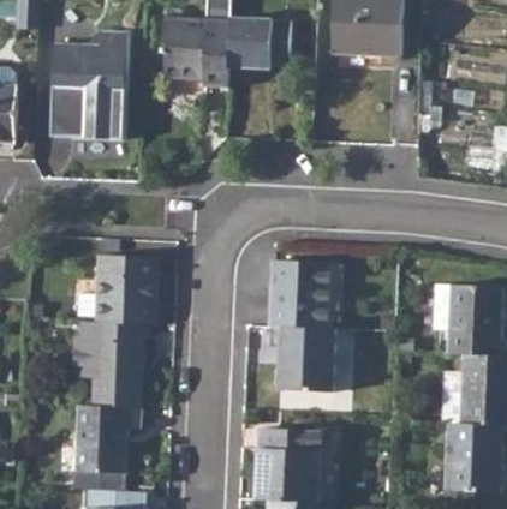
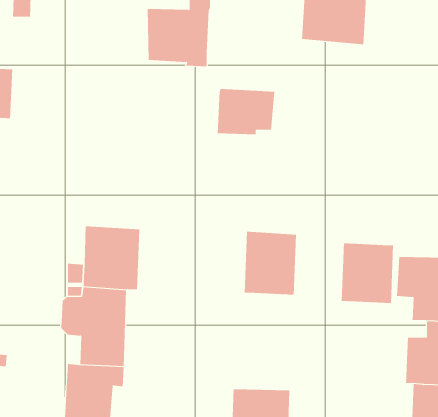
building: [228,18,292,68] -> [217,88,275,135]
building: [50,29,126,136] -> none
building: [276,329,334,395] -> [341,243,394,303]

